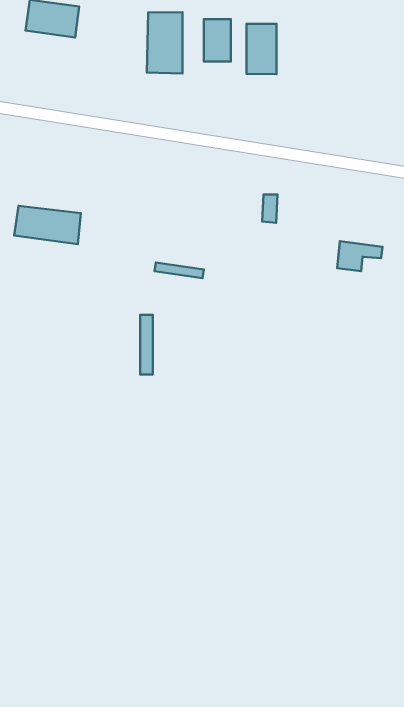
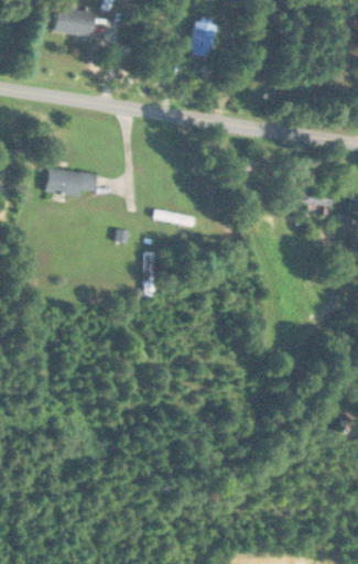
building: [147,12,183,74] -> none
building: [247,24,277,74] -> none

